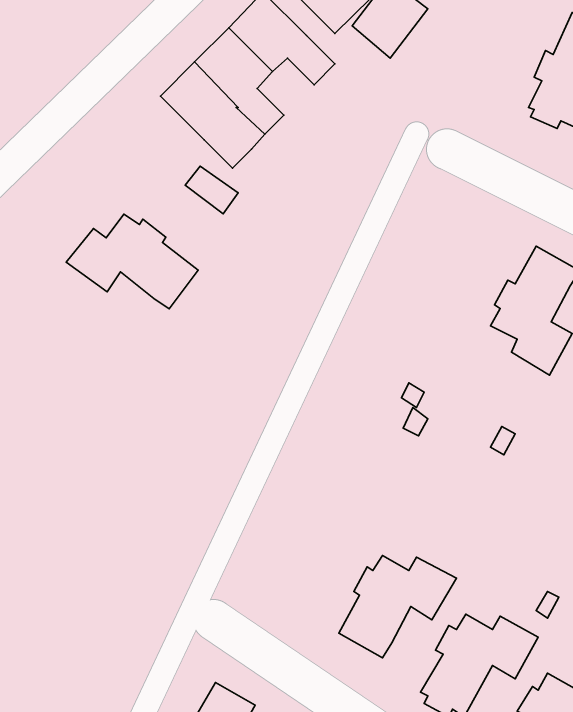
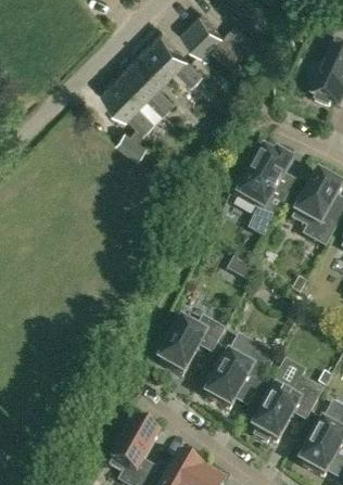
building: none -> [232,145,290,234]
building: [66,214,198,309] -> none
building: none -> [157,314,224,372]

